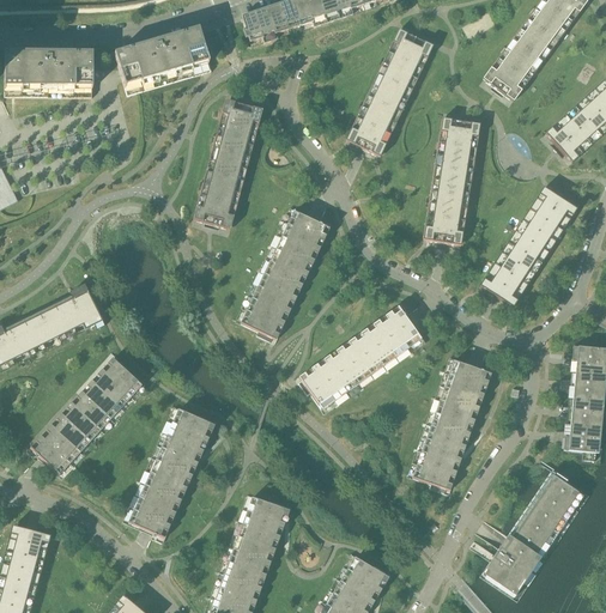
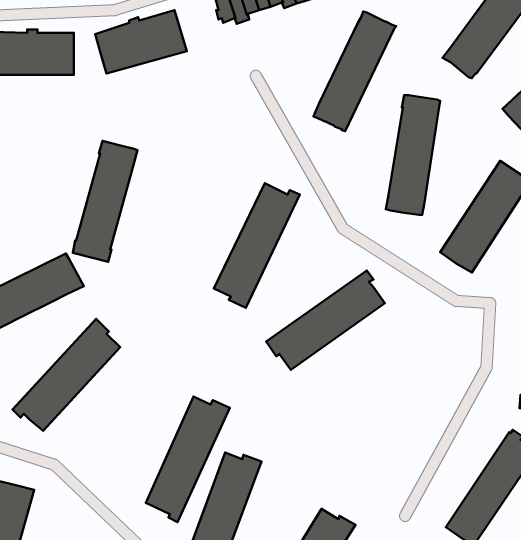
building: [195,99,263,227] -> [73,141,137,262]
building: [414,359,493,493] -> none
building: [129,408,218,541] -> [146,397,230,522]

